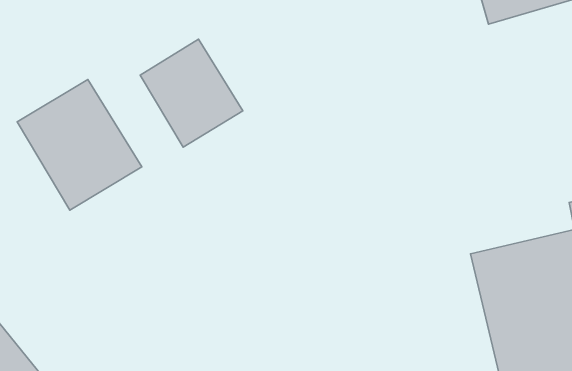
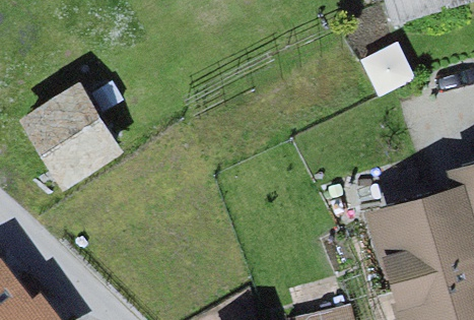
building: [140,39,243,147] -> none

